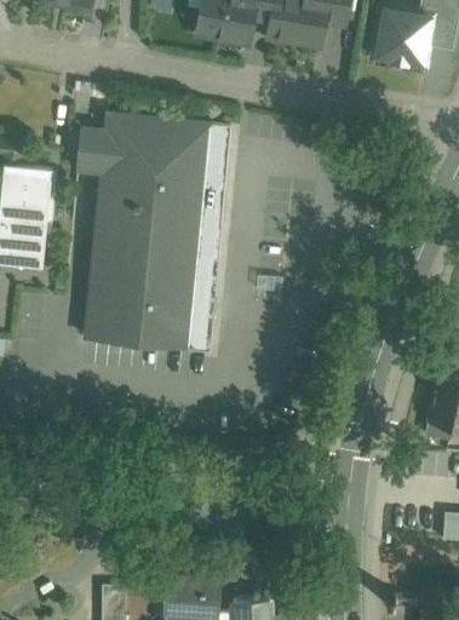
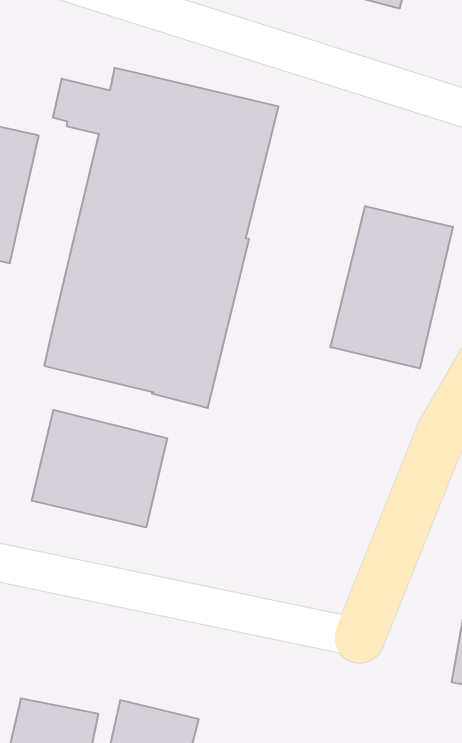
building: none -> [330,206,453,368]
building: none -> [32,410,167,527]

